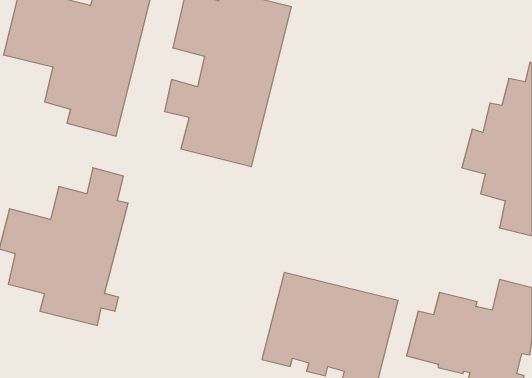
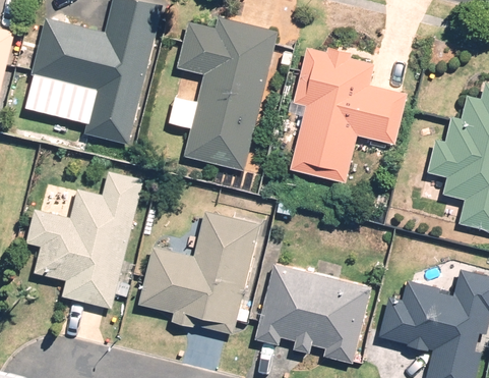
building: none -> [289,48,407,182]
building: none -> [137,210,259,335]

